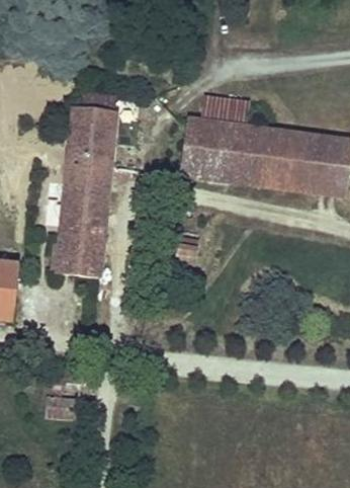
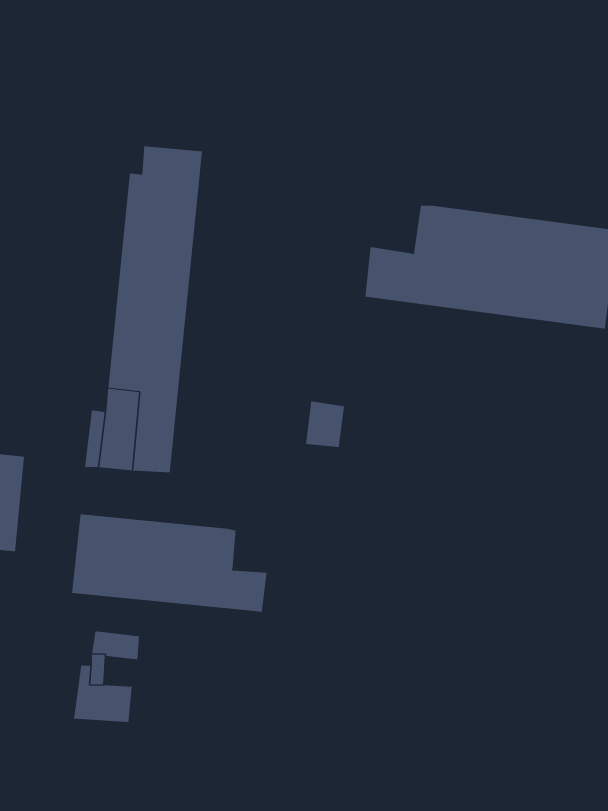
building: [180,95,249,176] -> none
building: none -> [72,514,267,613]

